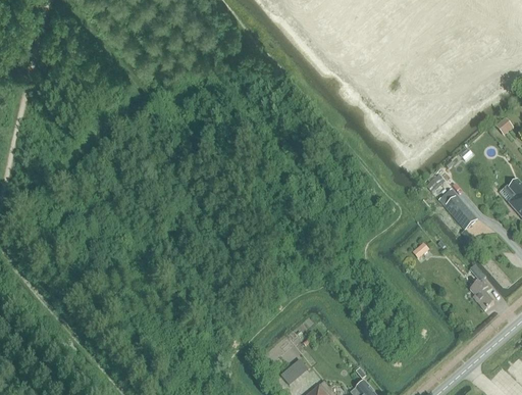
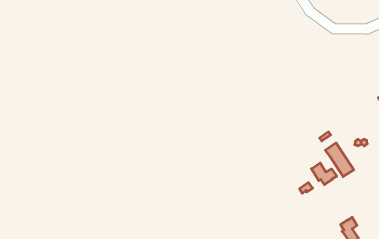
building: none -> [311,163,337,185]

